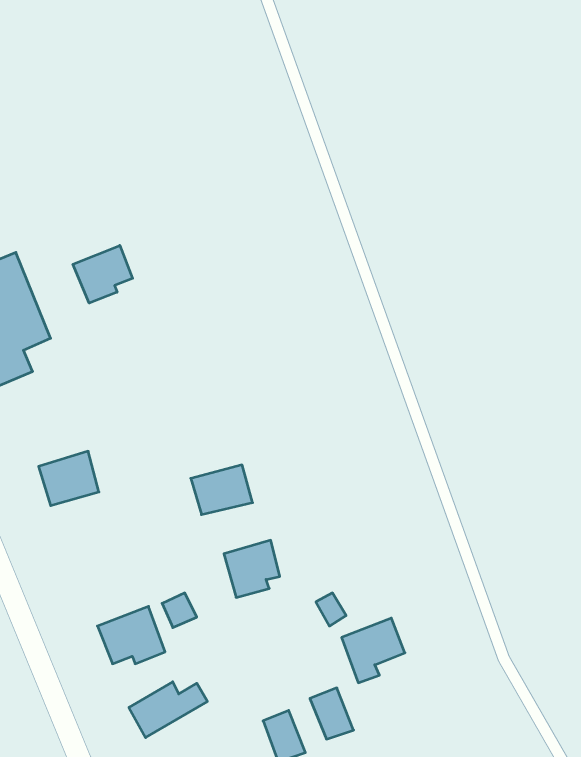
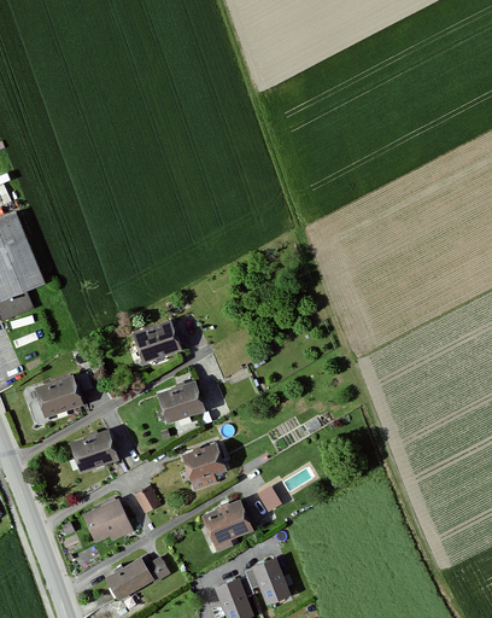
building: [73,245,133,303] -> none
building: none -> [133,320,184,362]
building: none -> [70,428,119,472]
building: [342,618,405,683] -> [204,500,254,552]

